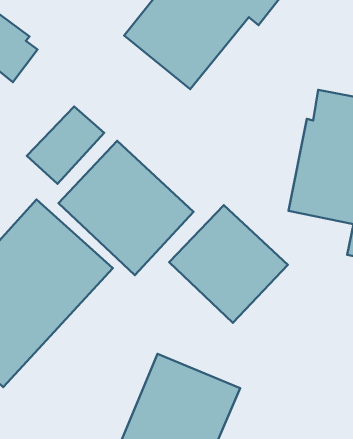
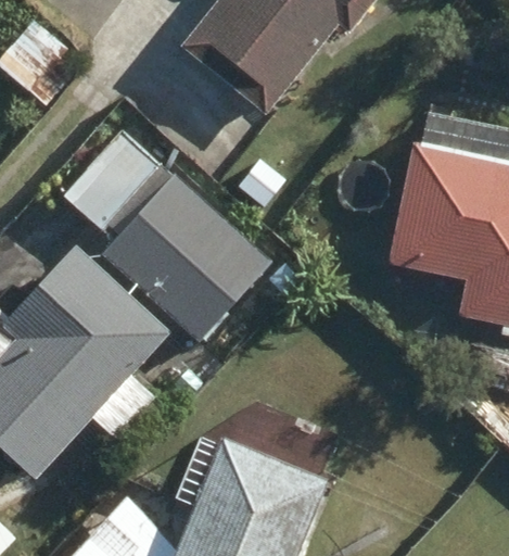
building: [169,205,288,323] -> none

